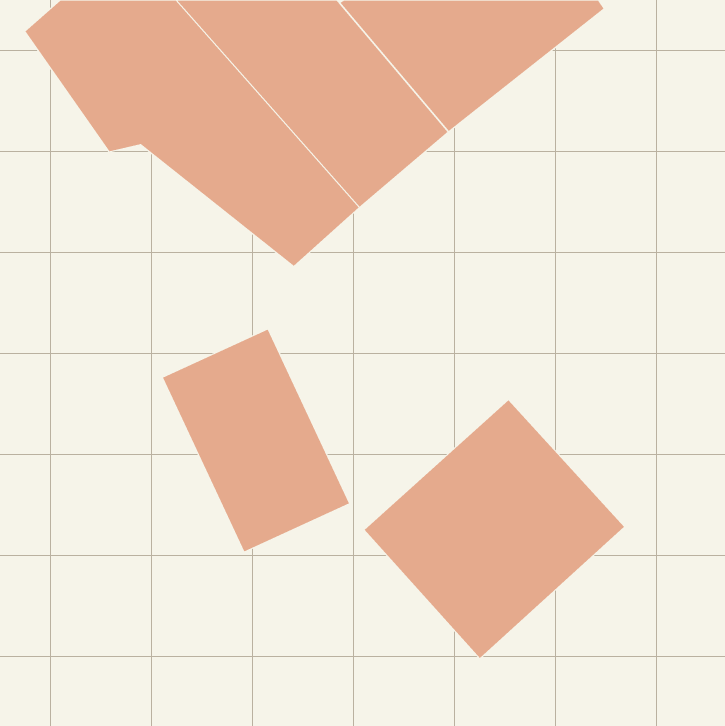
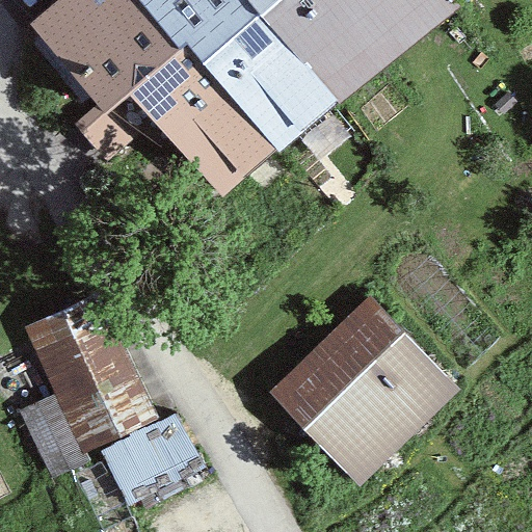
building: [162,329,350,552] -> [19,291,155,453]
building: none -> [101,414,206,507]

